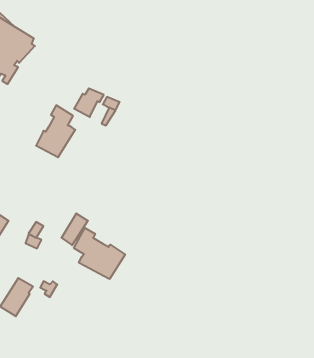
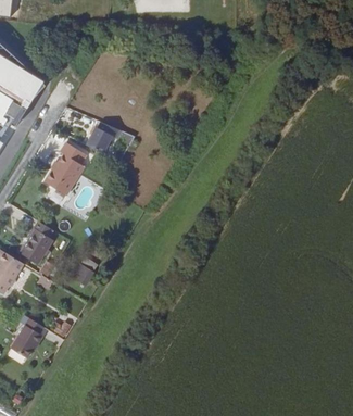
building: none -> [21,223,52,263]
building: [74,228,125,279] -> none

